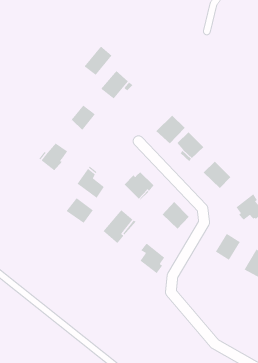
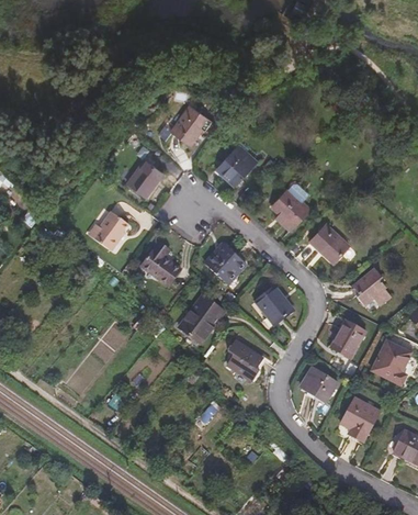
building: [83,46,113,76] -> none
building: [156,115,185,144] -> [216,145,256,184]
building: [66,197,94,224] -> none
building: none -> [301,369,337,403]
building: none -> [342,399,381,443]

